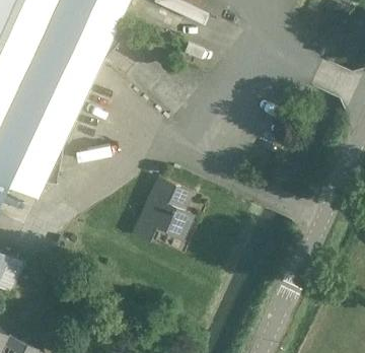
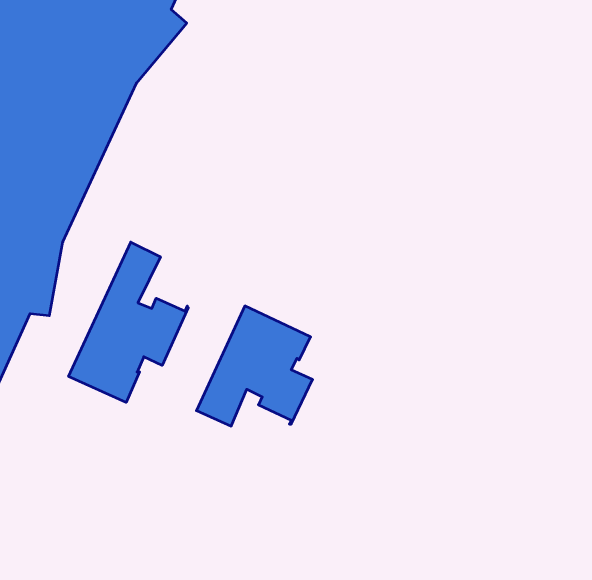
building: none -> [69,242,188,402]

